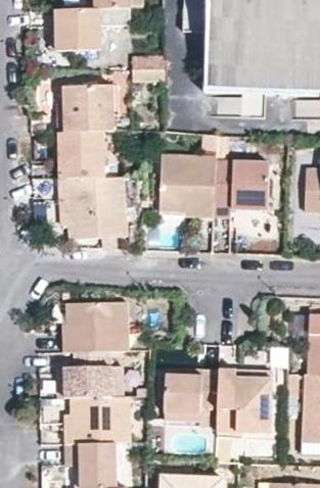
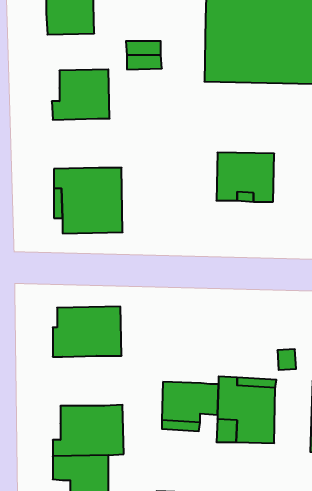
building: [61,128,104,175] -> none
building: [163,152,216,210] -> none
building: [60,349,109,396] -> none

